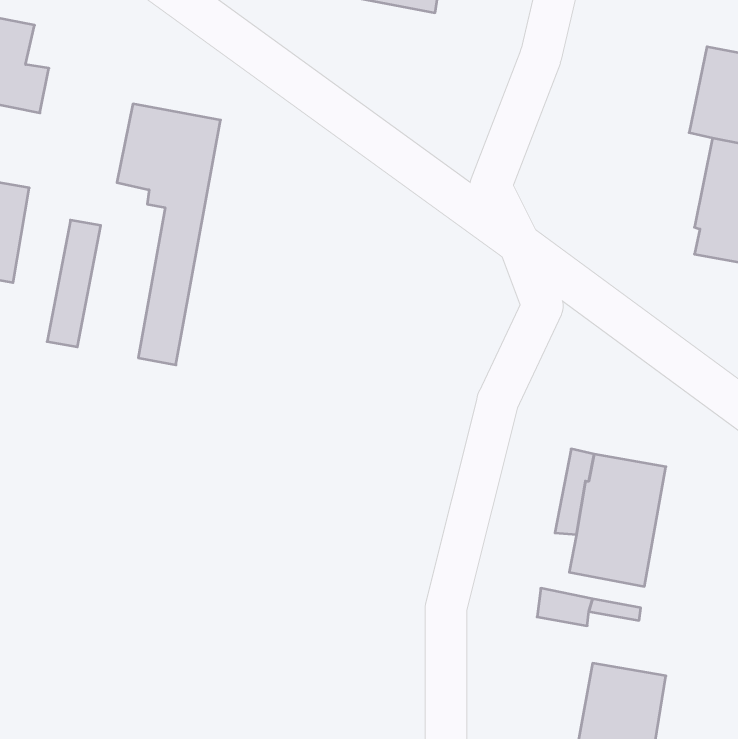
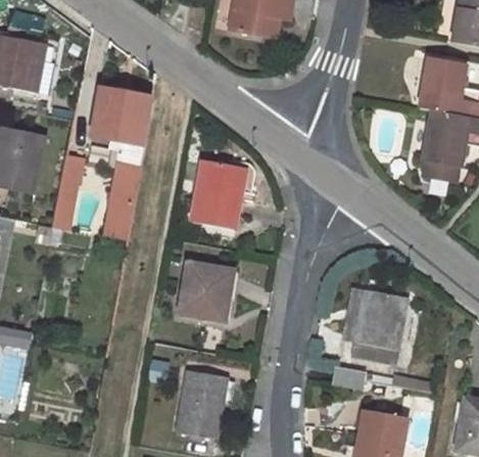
building: none -> [191,158,254,228]
building: none -> [180,262,233,318]
building: none -> [176,369,229,438]

